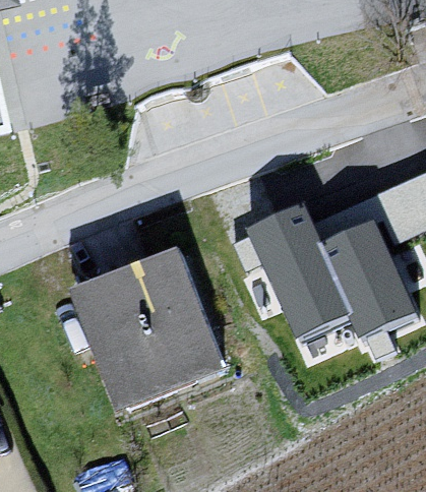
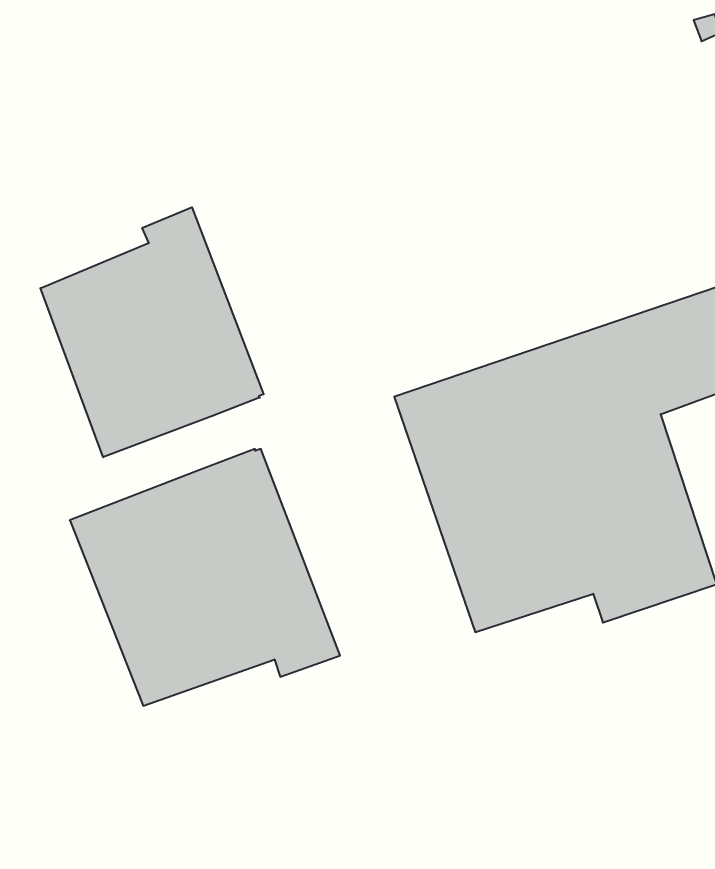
building: none -> [40,207,264,457]

